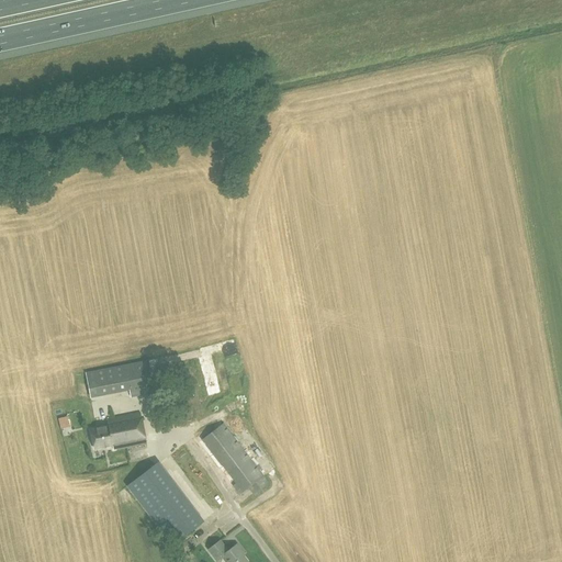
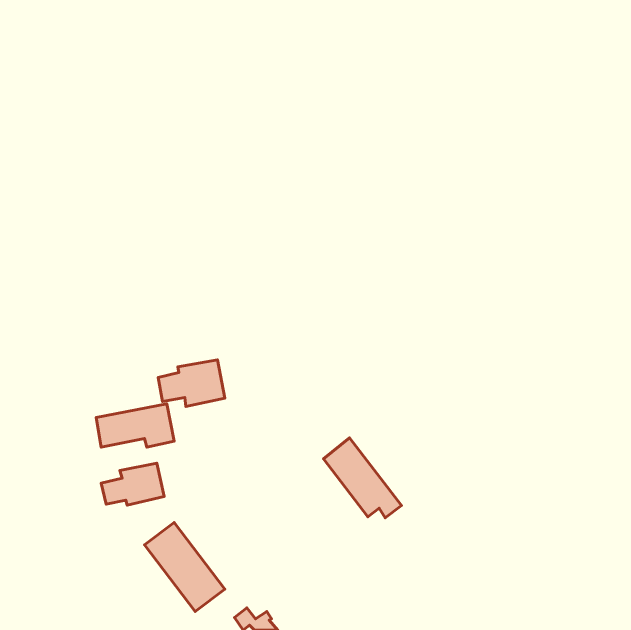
building: none -> [158,360,225,406]
building: [200,423,269,494] -> [324,438,401,518]

